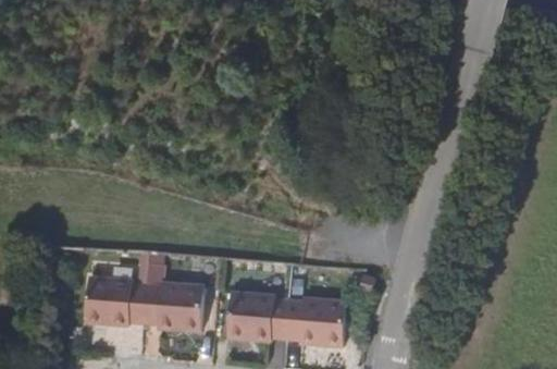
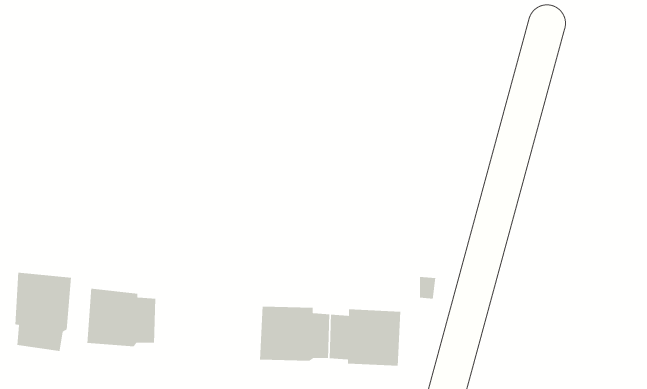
building: none -> [14,272,72,352]
building: [140,283,202,330] -> none

